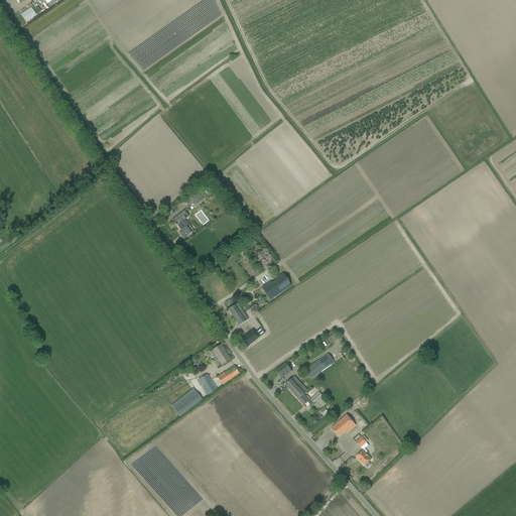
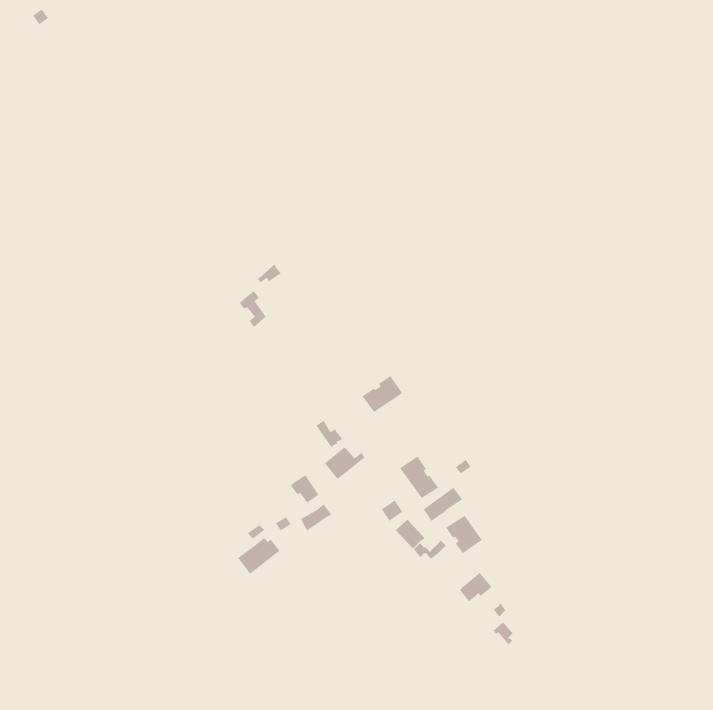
building: none -> [399,456,439,499]
building: none -> [445,515,483,554]

